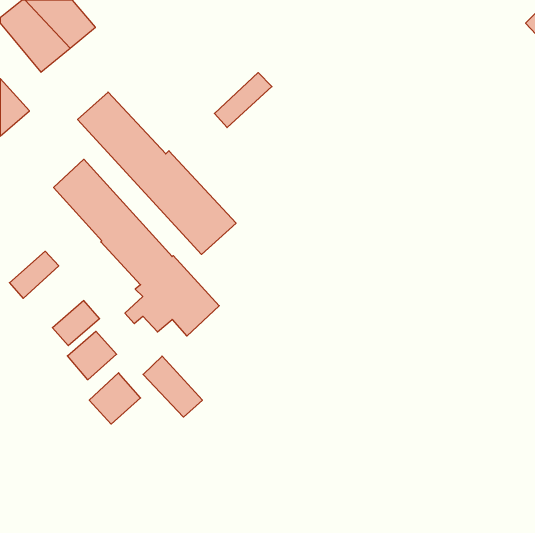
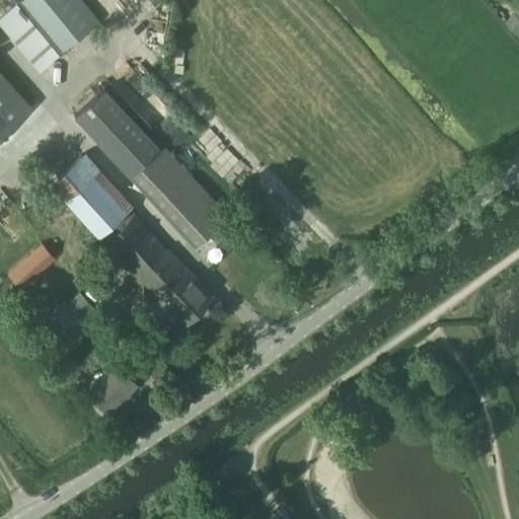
building: [214,73,272,128] -> none
building: [67,331,117,380] -> none
building: [143,356,202,417] -> none

